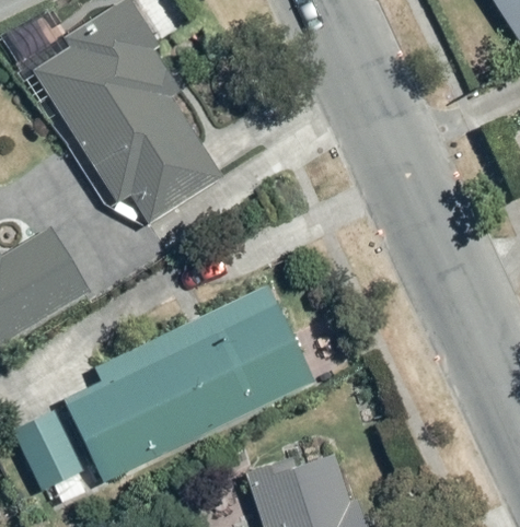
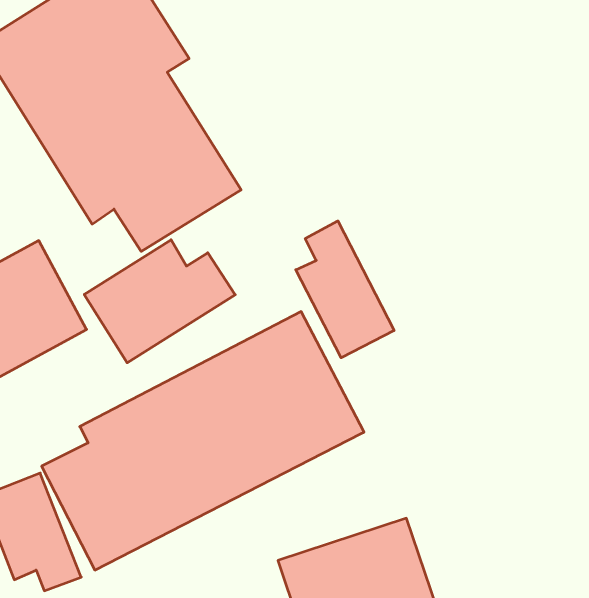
building: none -> [296,221,394,358]
building: none -> [84,240,235,363]

